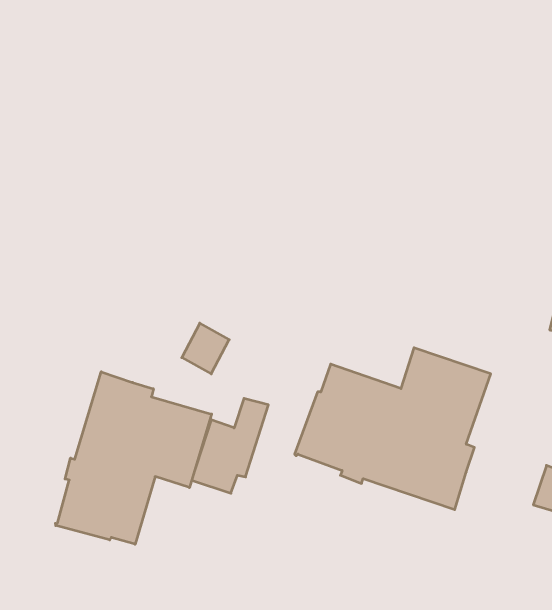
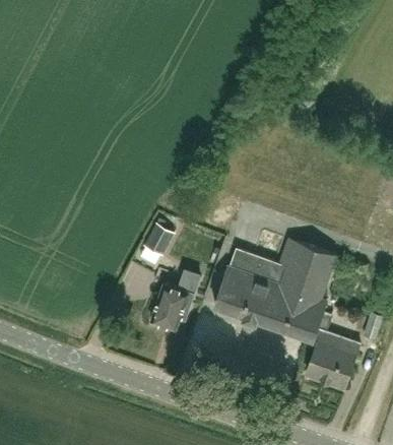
building: [55,372,212,544] -> none
building: none -> [308,315,361,385]

